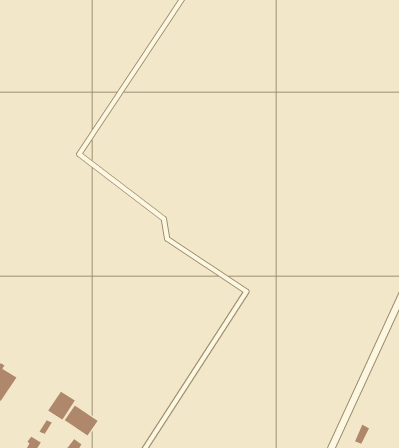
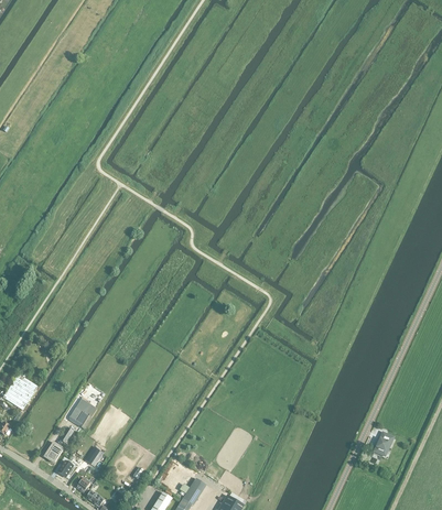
building: [64,405,99,436] -> none

